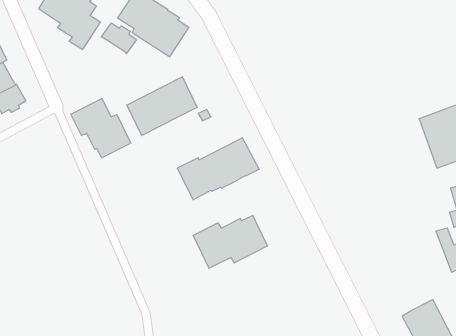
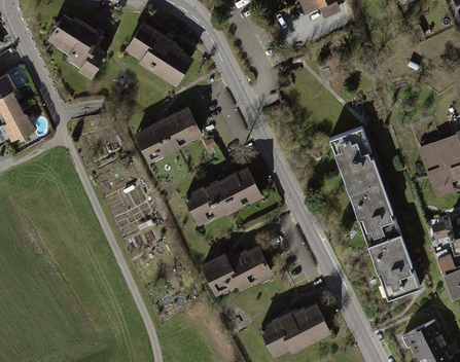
building: [101,23,137,54] -> none
building: [71,98,131,158] -> none
building: none -> [327,131,419,300]
building: none -> [257,299,331,355]

